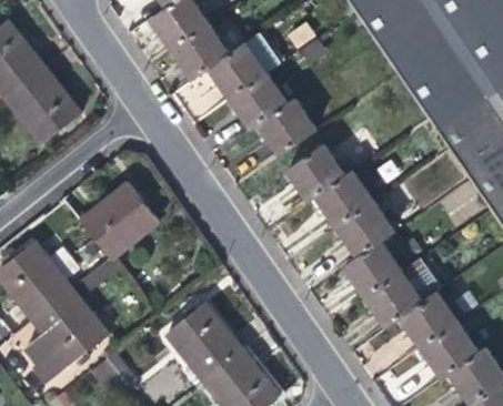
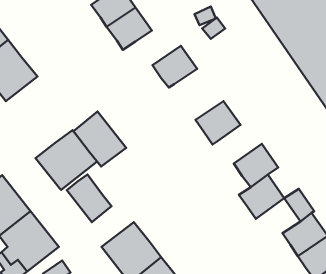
building: [210,33,282,99] -> none
building: [260,98,319,155] -> none
building: none -> [73,112,126,166]
building: [316,172,374,226] -> none
building: none -> [67,175,112,222]
building: [366,272,424,327] -> none

